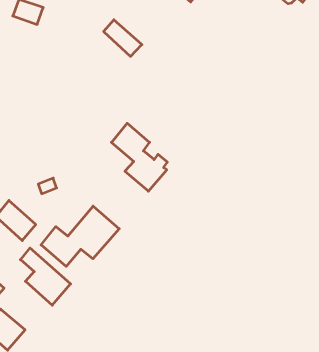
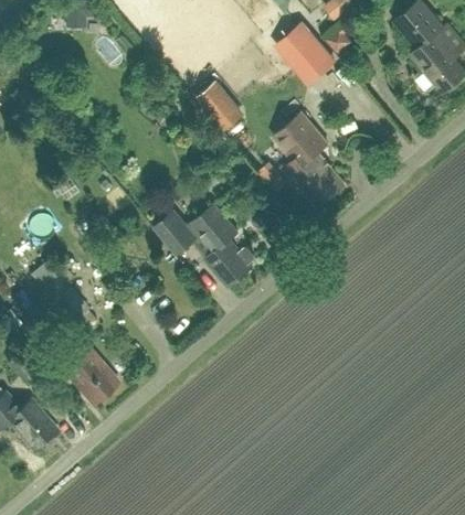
building: none -> [272,110,344,207]
building: none -> [152,211,195,255]
building: [41,206,119,266] -> none

